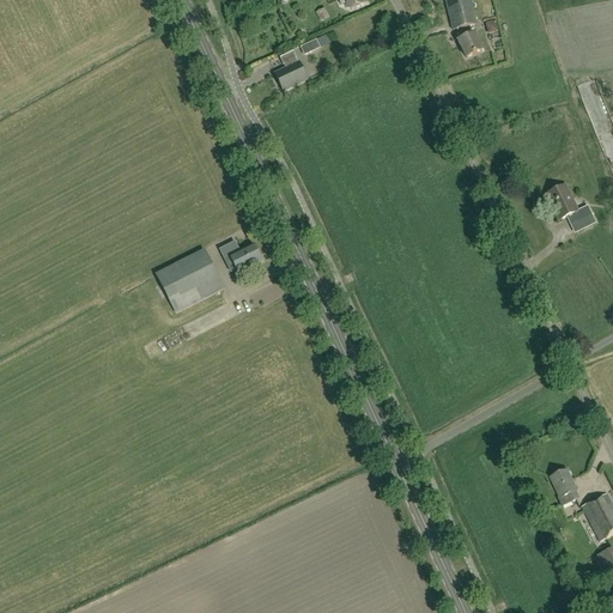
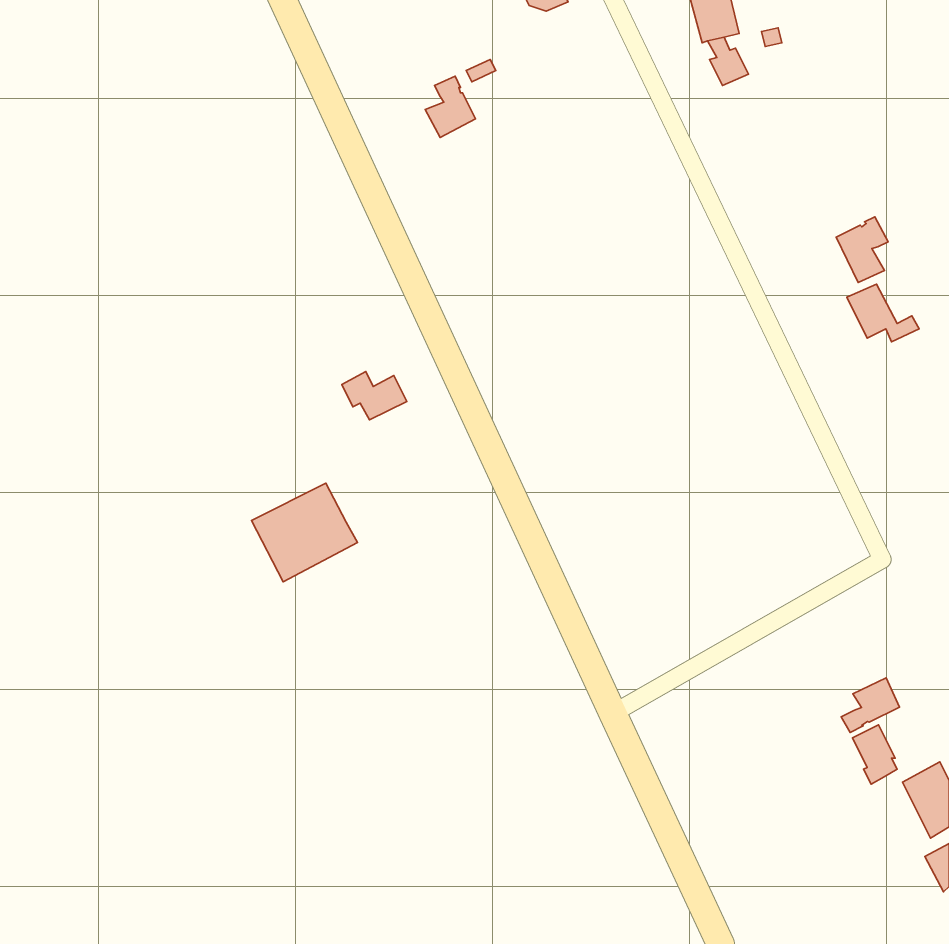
building: none -> [836,217,888,283]
building: [156,248,224,311] -> [252,483,357,582]
building: none -> [841,678,900,733]

